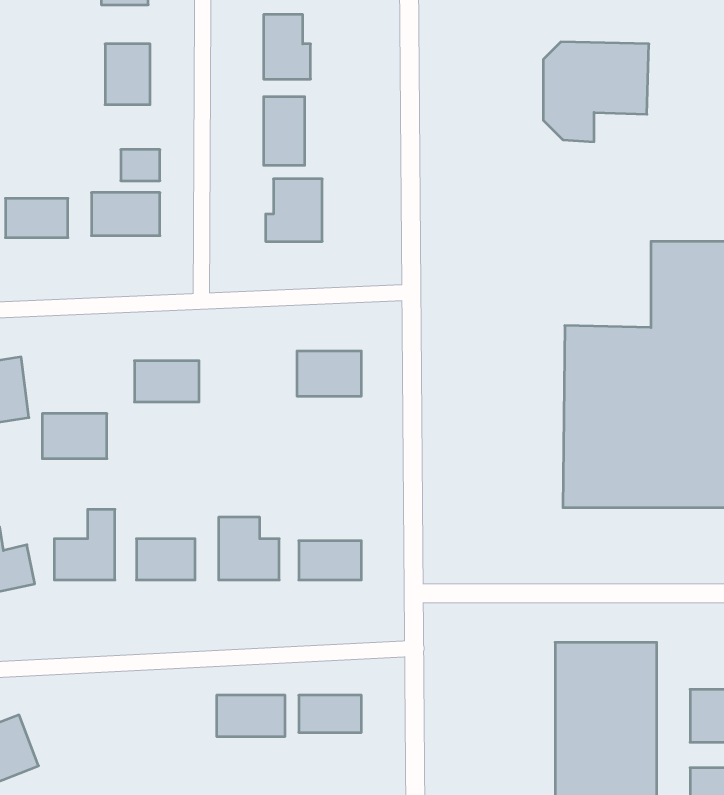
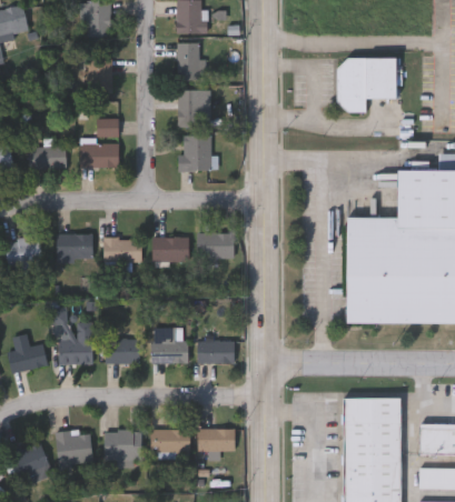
building: none -> [152,238,188,262]
building: [42,414,107,459] -> [56,233,92,259]
building: none -> [55,430,91,463]
building: none -> [103,430,139,460]

